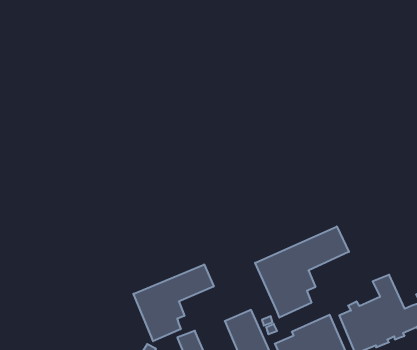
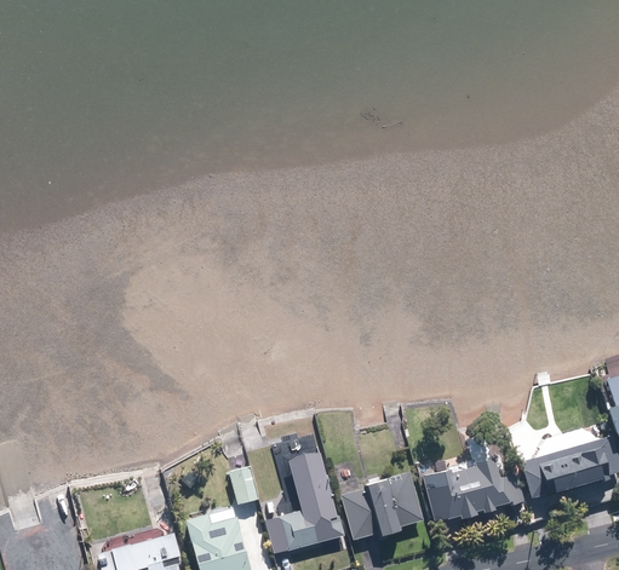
building: [255,226,349,318] -> none
building: [133,264,214,341] -> none

